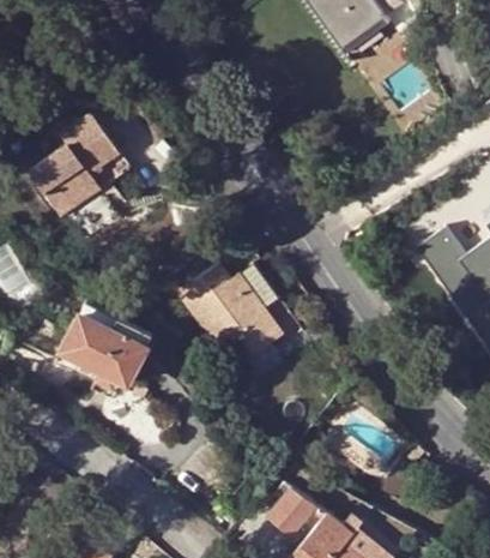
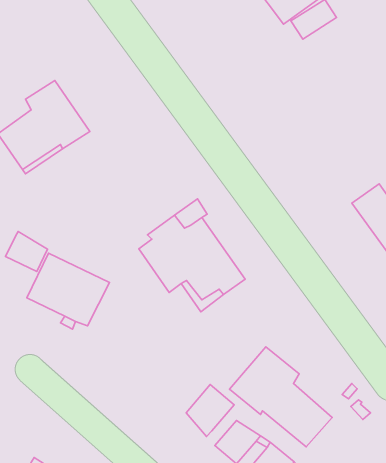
building: none -> [6,232,47,272]
building: none -> [229,347,332,447]
building: none -> [186,384,234,437]

